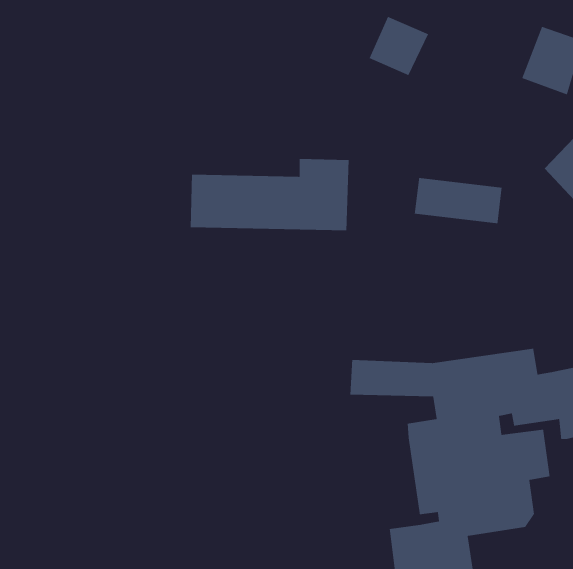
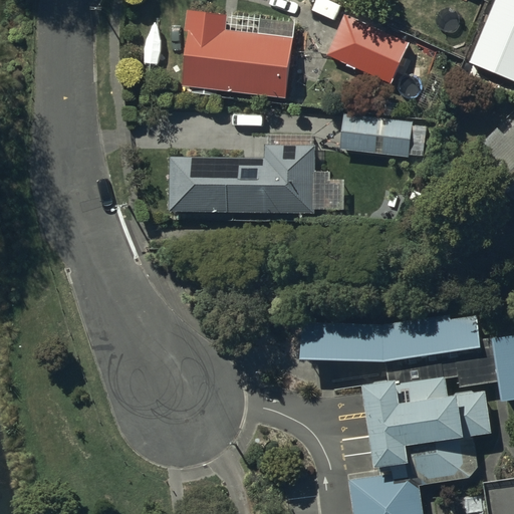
building: none -> [180,11,292,99]
building: [414,177,503,224] -> [342,116,422,159]

